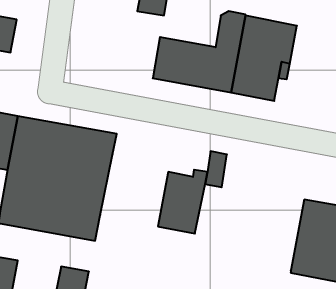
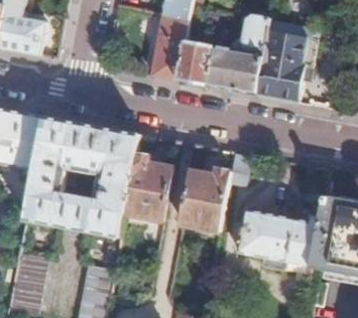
building: none -> [149,13,187,78]
building: none -> [124,153,172,219]
building: none -> [236,207,321,271]

